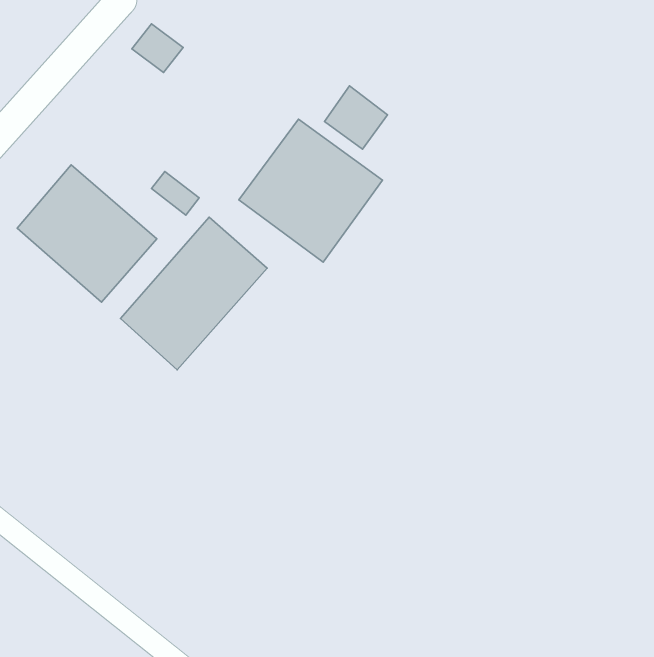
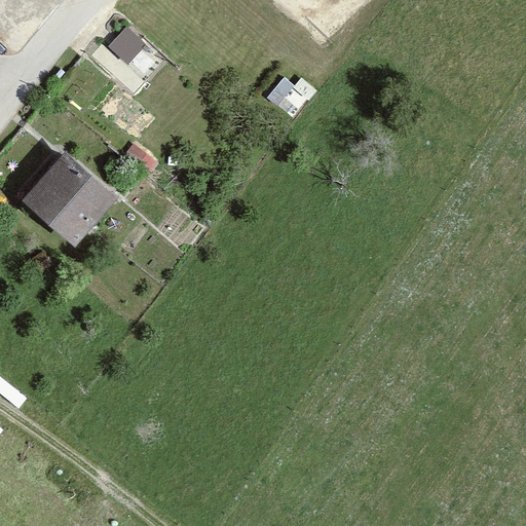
building: [239,119,382,262] -> none
building: [121,217,267,370] -> none

